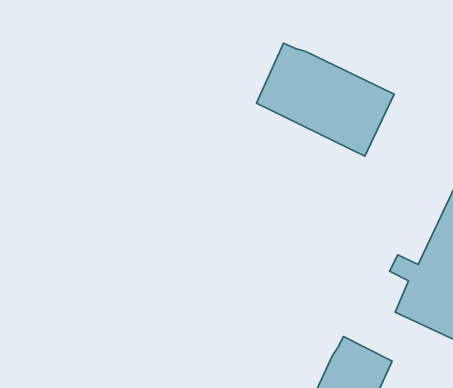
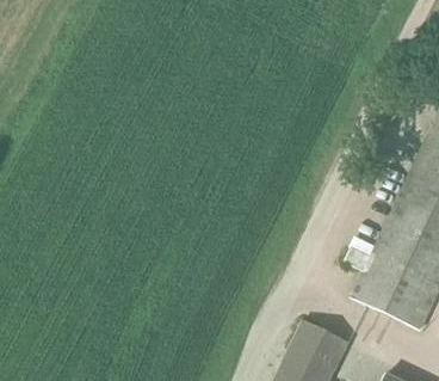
building: [256,43,394,156] -> none

